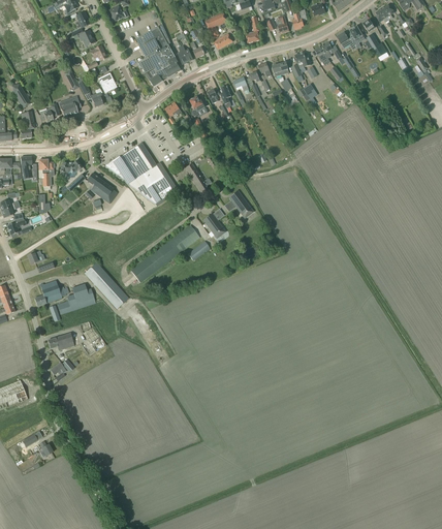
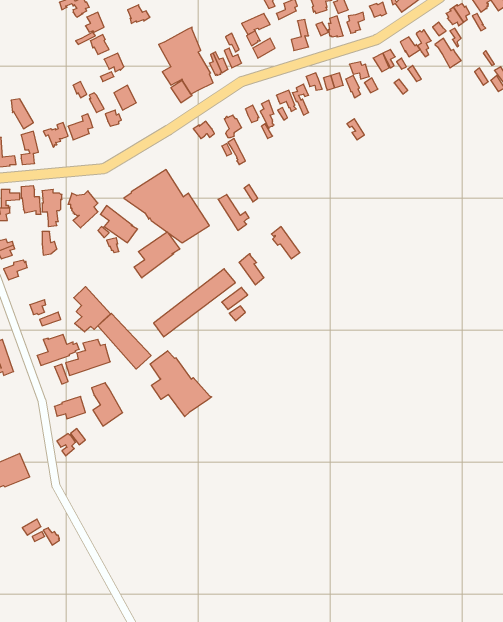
building: none -> [134,232,180,278]
building: none -> [74,287,110,332]
building: none -> [150,351,212,417]

